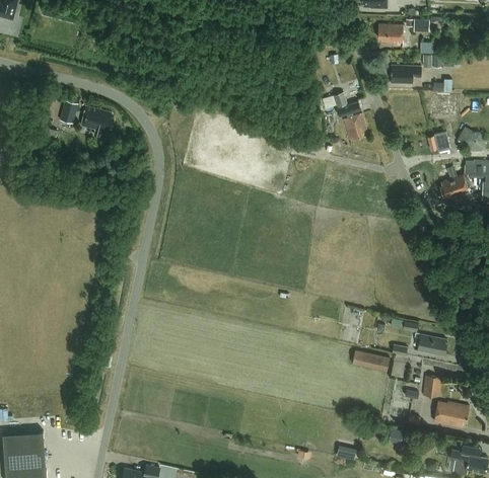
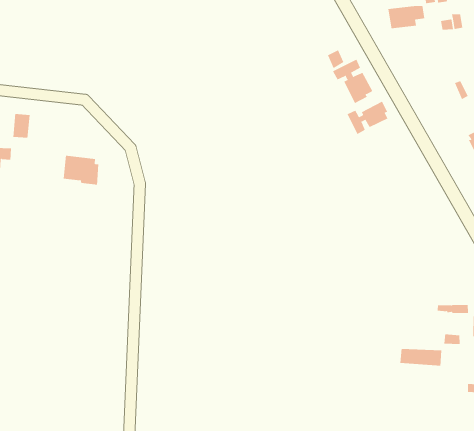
building: [81,106,114,136] -> [63,155,99,185]
building: none -> [347,101,388,135]

